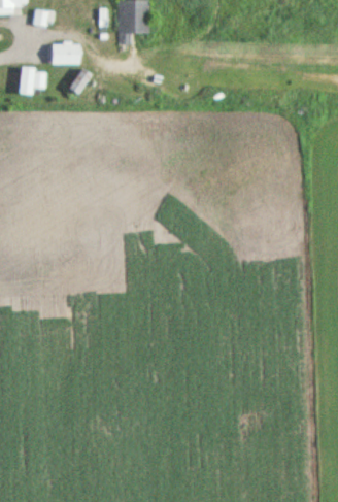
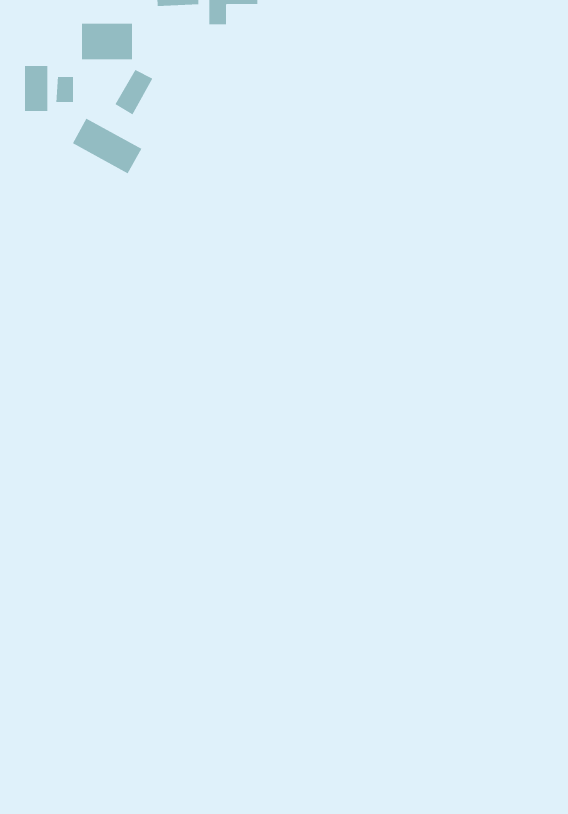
building: none -> [72,118,142,174]

